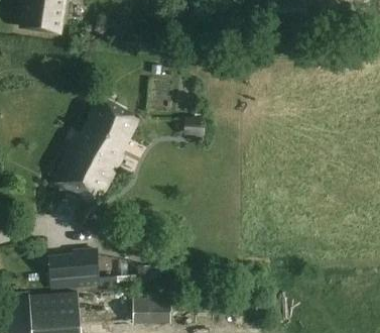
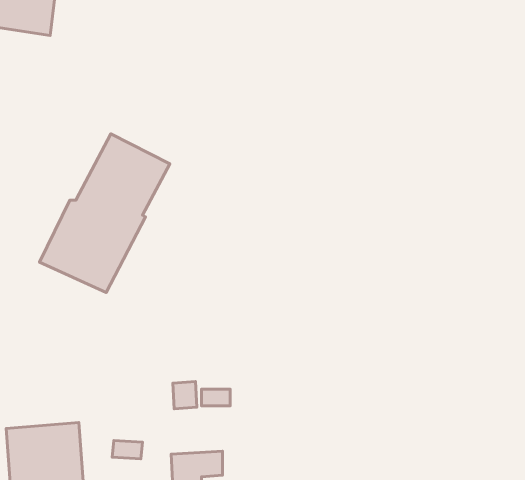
building: [47,247,99,289] -> none

